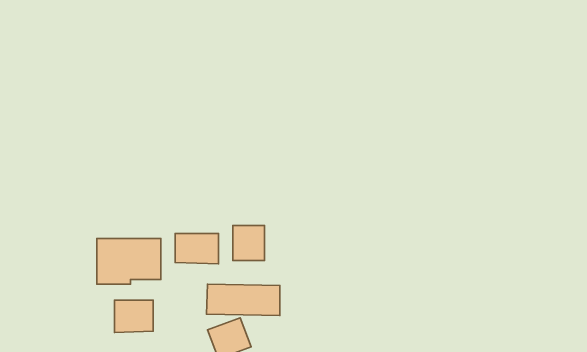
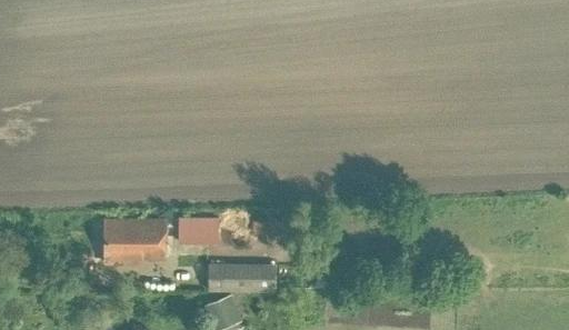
building: [233,226,265,260] -> none
building: [114,300,153,333] -> none

